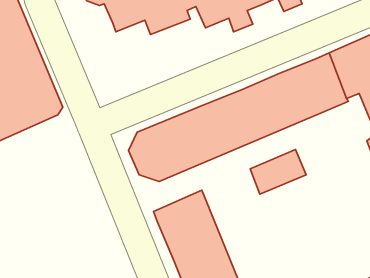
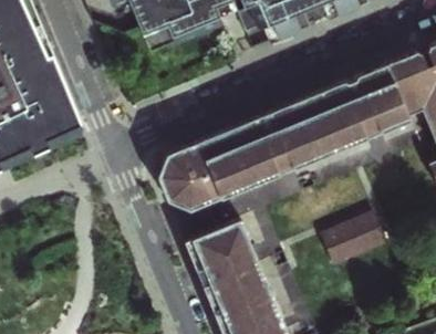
building: [250,150,306,194] -> [322,213,386,264]

